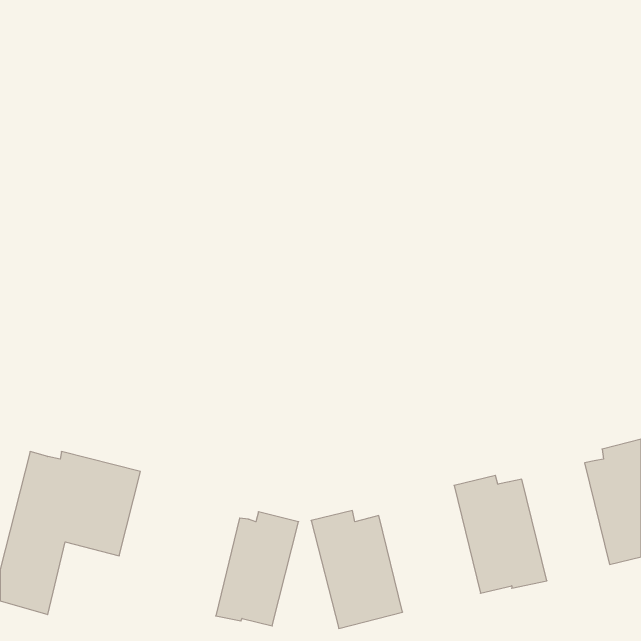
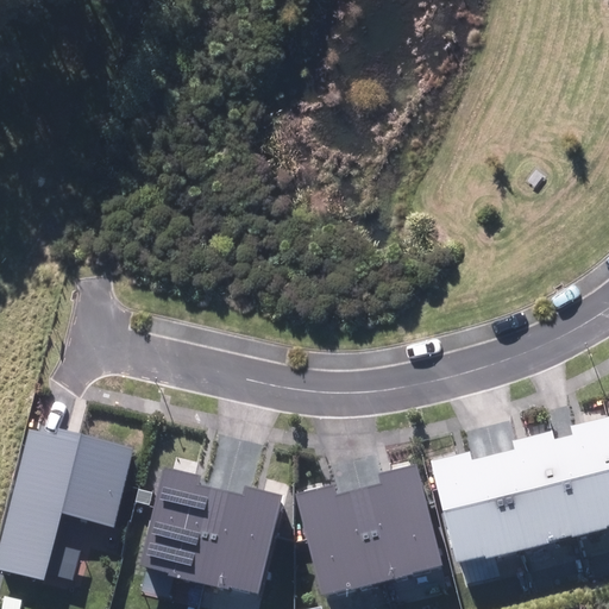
building: none -> [495,431,578,551]
building: none -> [359,465,442,580]
building: none -> [140,466,227,584]

